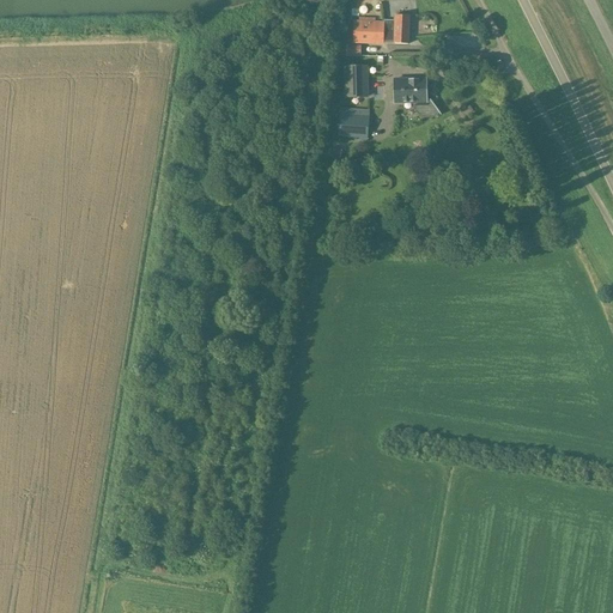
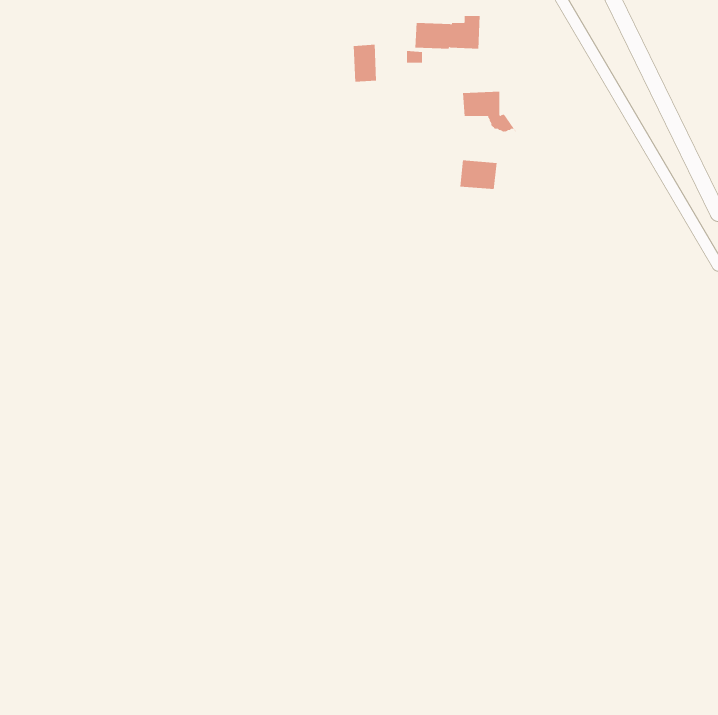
building: [346,65,366,97] -> [353,44,377,82]
building: [338,114,370,139] -> [460,160,497,189]

